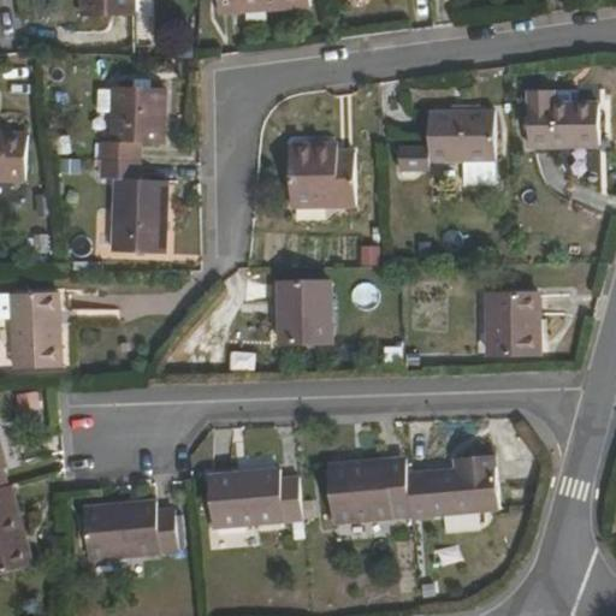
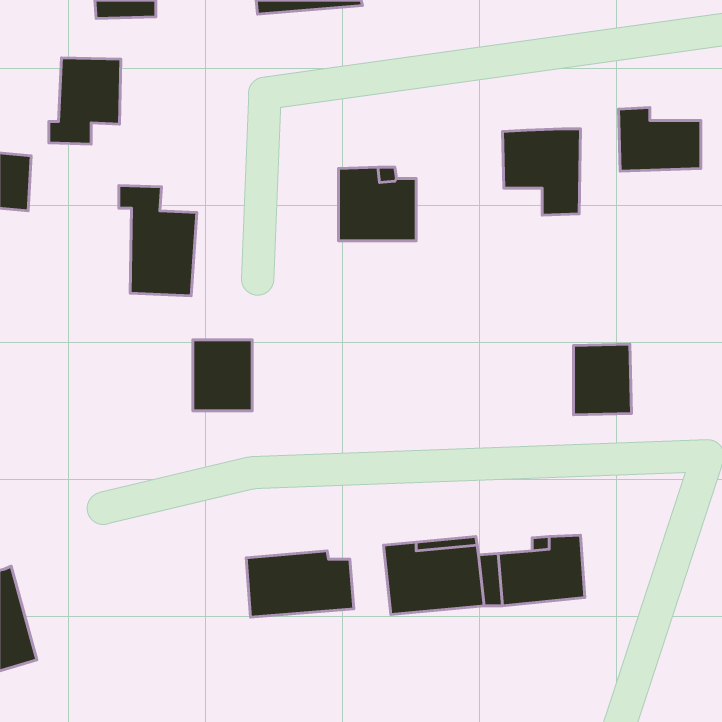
building: [101,87,162,160] -> [49,58,121,144]
building: [278,282,328,342] -> [193,340,252,411]
building: [10,294,60,368] -> none
building: [82,499,177,557] -> none

